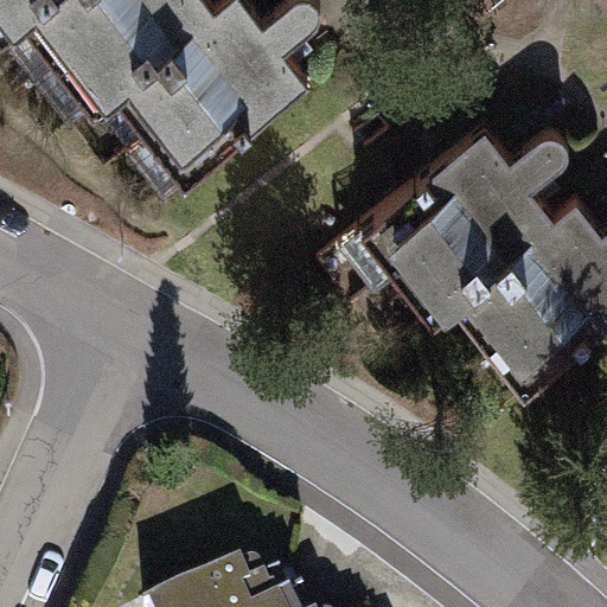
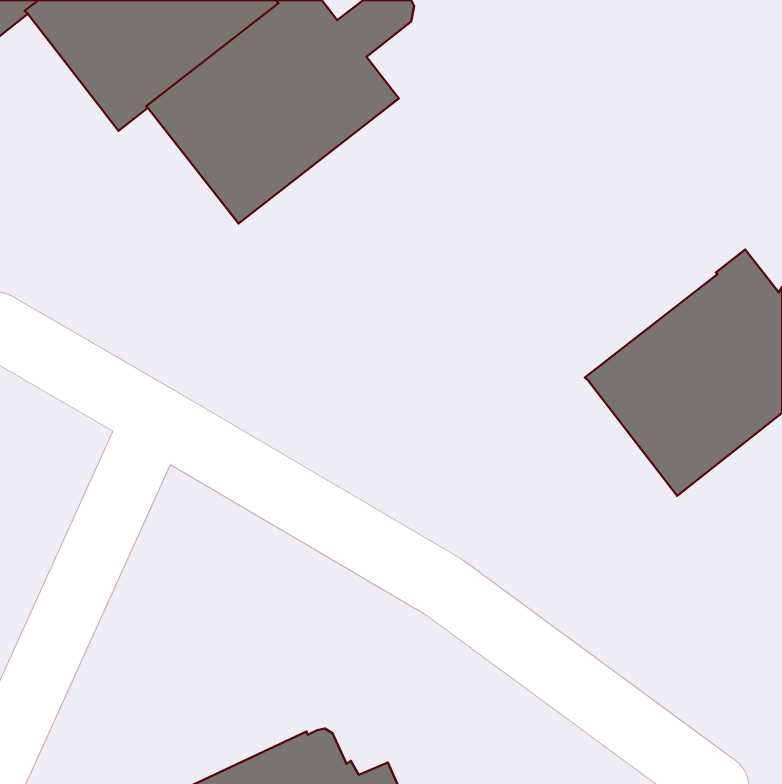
building: [358,123,568,313] -> none

